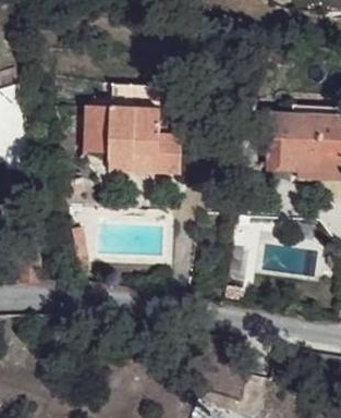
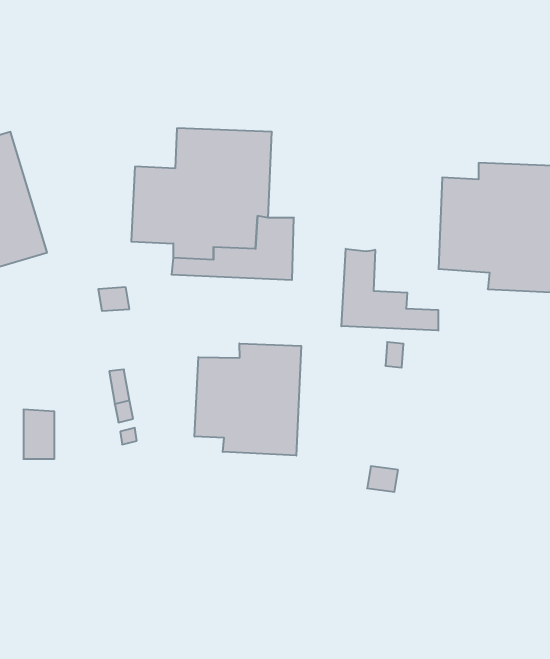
building: none -> [341,249,438,331]
building: none -> [195,343,301,456]

